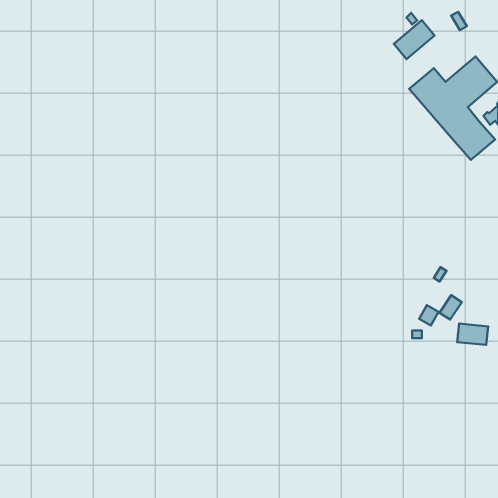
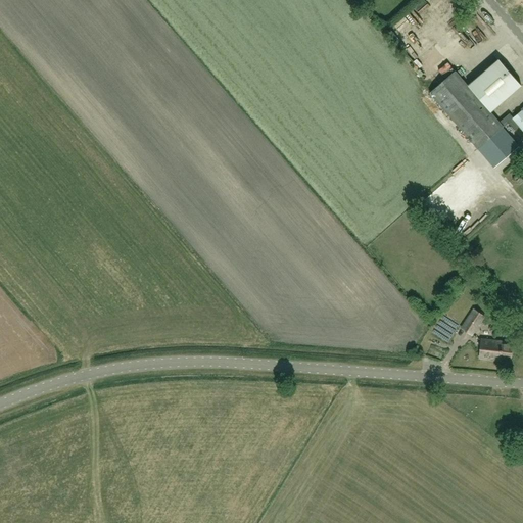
building: [394,20,435,59] -> none

